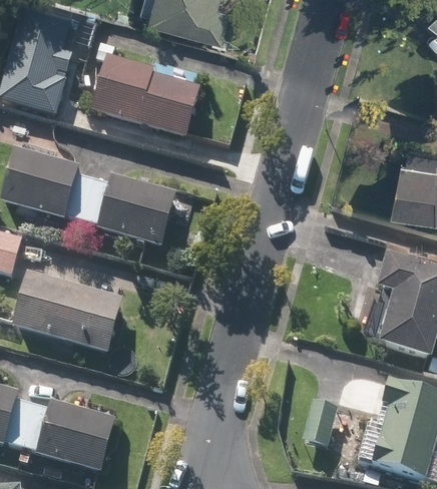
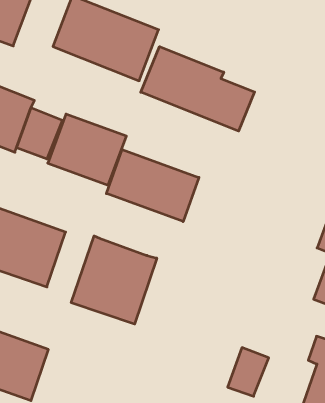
building: none -> [141,47,255,131]
building: none -> [106,149,199,222]
building: none -> [71,236,157,324]

